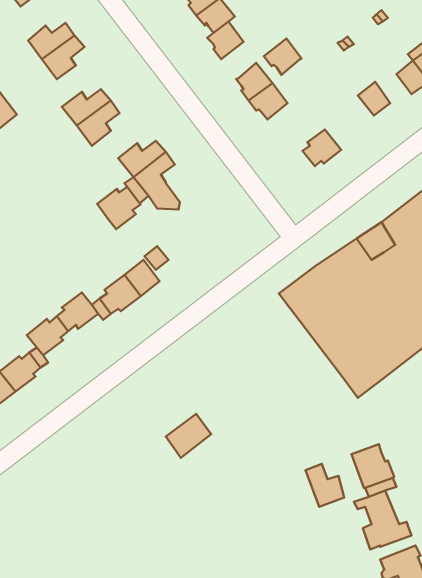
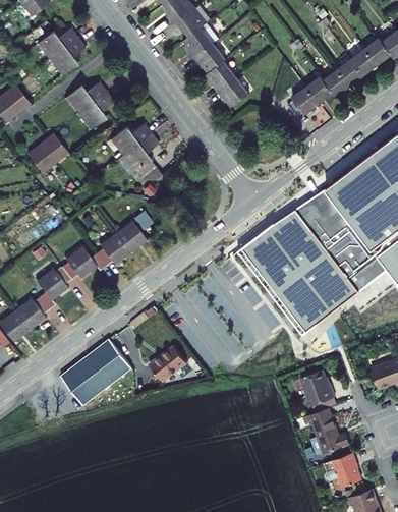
building: [264,38,302,75] -> [194,44,225,73]
building: none -> [323,70,349,98]
building: [302,130,341,166] -> [287,88,319,117]
building: none -> [27,133,67,172]
building: [97,187,141,229] -> none
building: none -> [60,339,131,405]
building: [306,464,344,507] -> none

